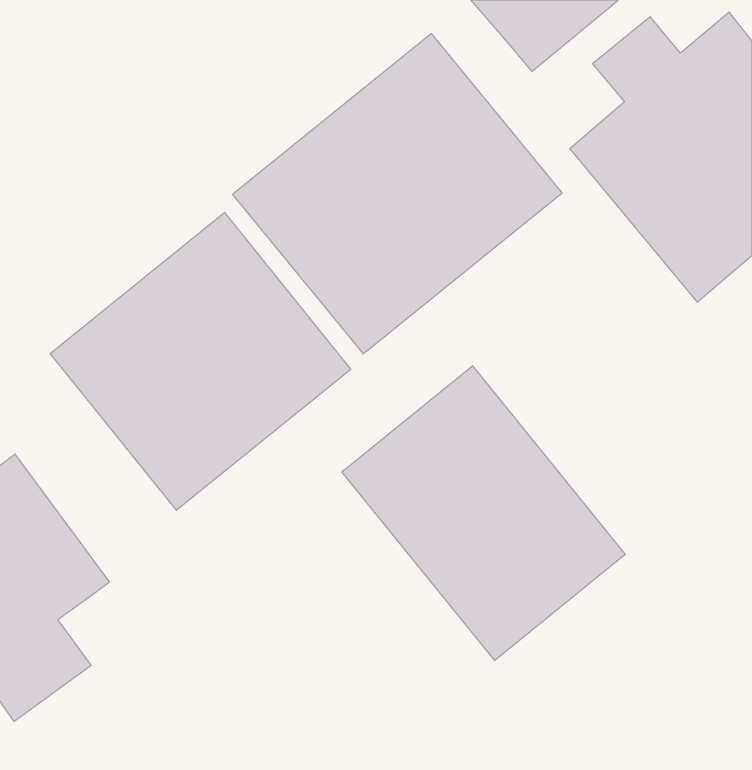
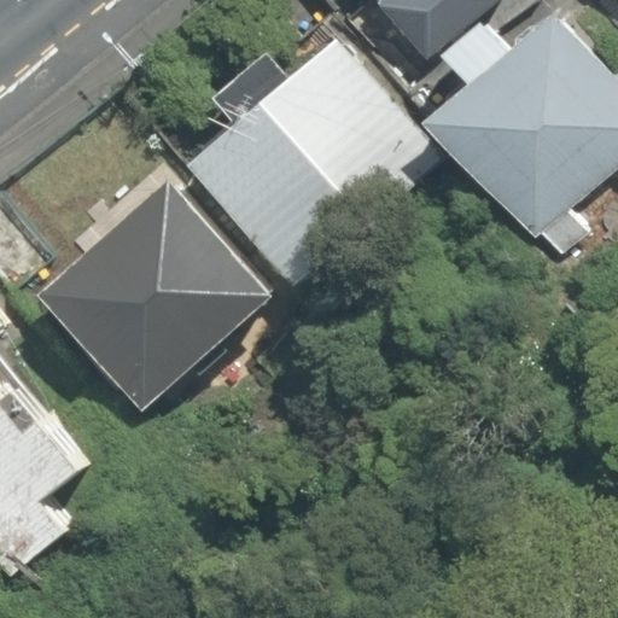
building: [342,366,625,661] -> none

